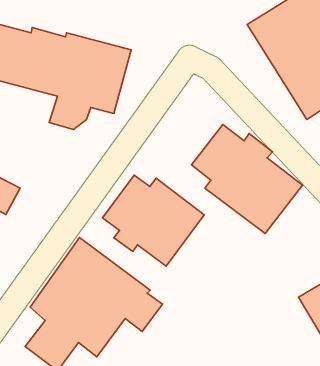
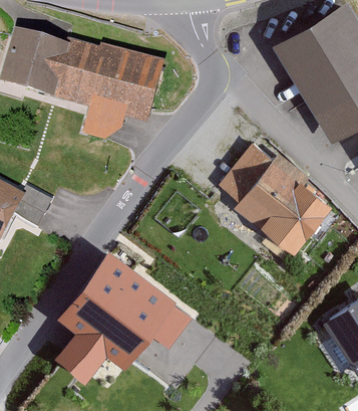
building: [103,175,204,266] -> none

